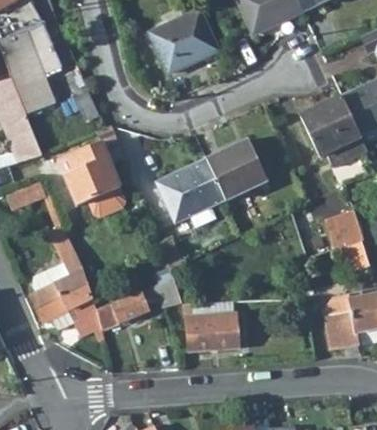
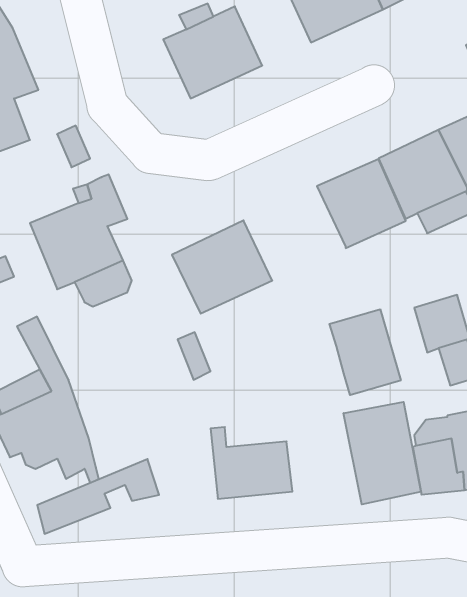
building: [206,138,268,200] -> [317,159,406,248]
building: none -> [329,309,401,395]
building: [98,277,183,329] -> [37,459,159,534]
building: none -> [344,402,421,504]

